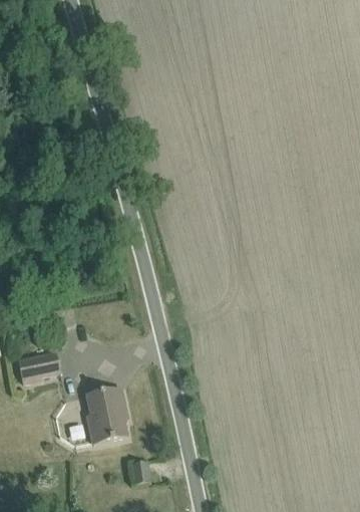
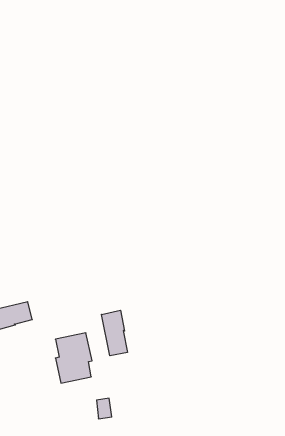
building: none -> [101,310,127,356]

